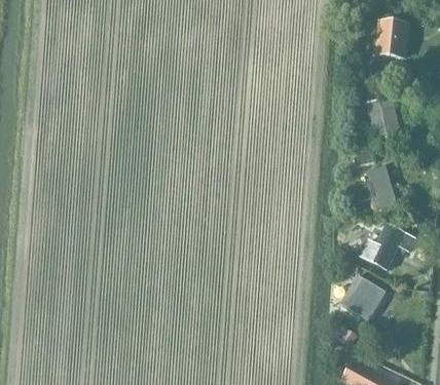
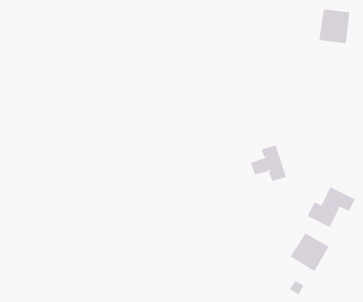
building: [368,97,402,141] -> none
building: [356,166,398,208] -> [250,145,287,182]

